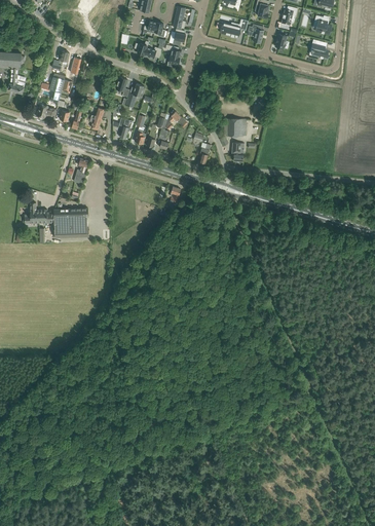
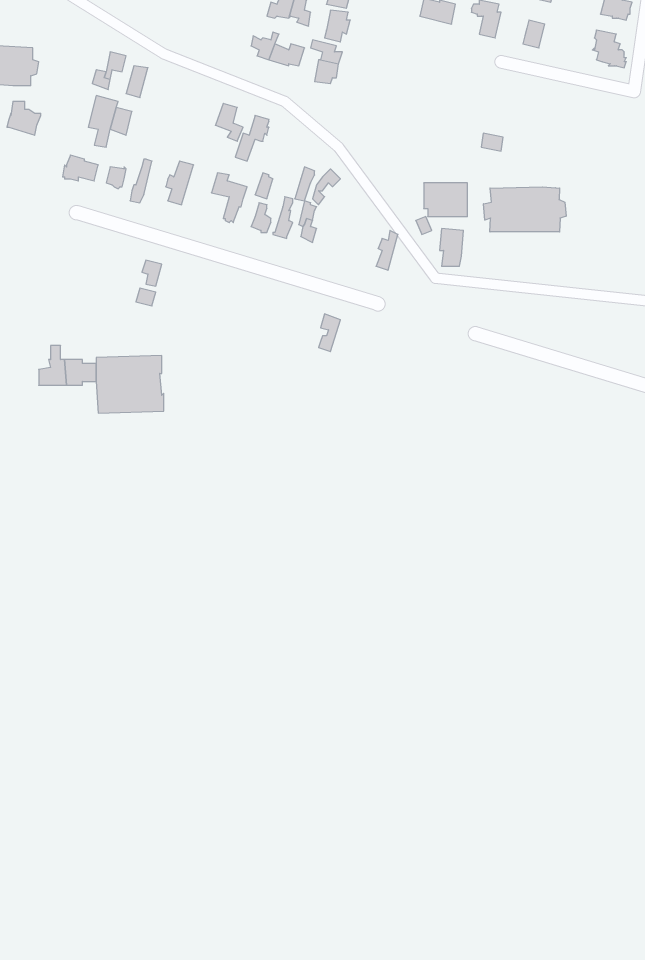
building: none -> [484,187,566,232]

